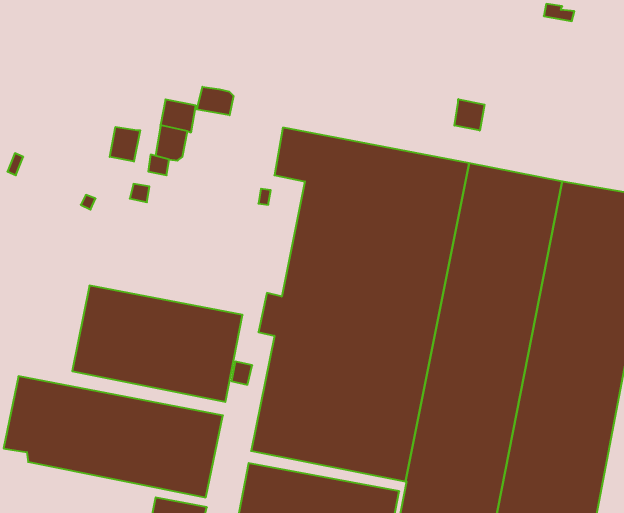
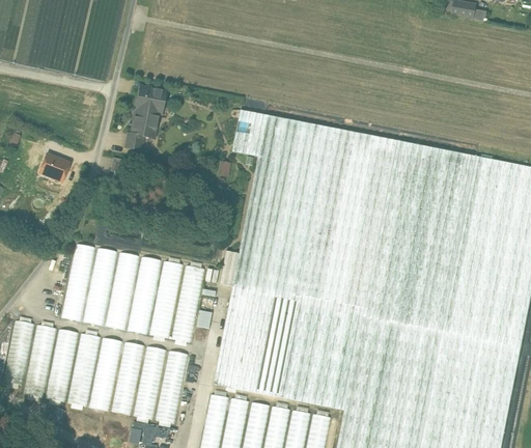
building: [197,87,234,115] -> none
building: [454,99,485,131] -> none
building: [110,127,140,162] -> none
building: none -> [40,153,71,181]

